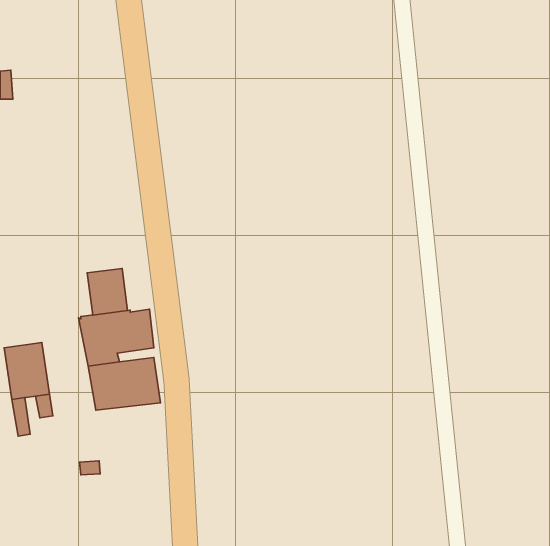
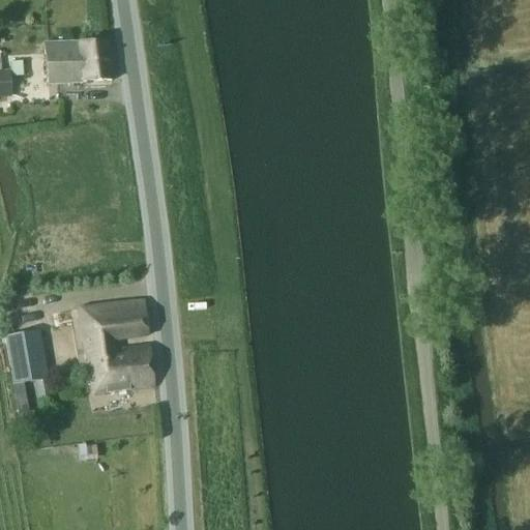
building: none -> [43,40,112,83]
building: [87,268,128,315] -> none

